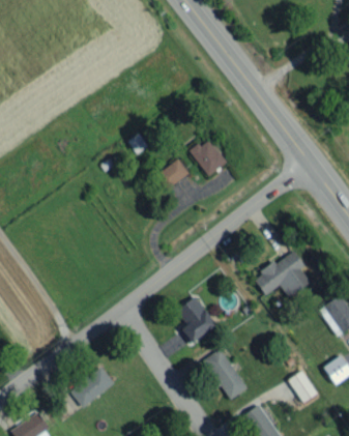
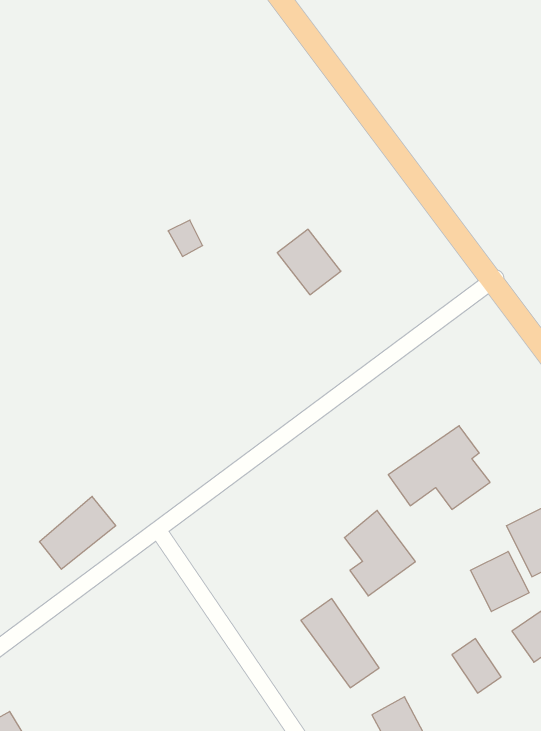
building: [155,159,188,188] -> none
building: [176,295,216,344] -> [344,510,415,596]
building: none -> [470,551,529,612]
building: [70,366,114,407] -> [39,496,116,569]

